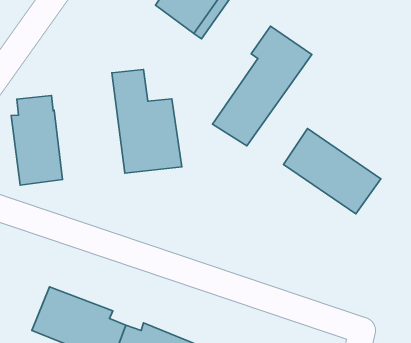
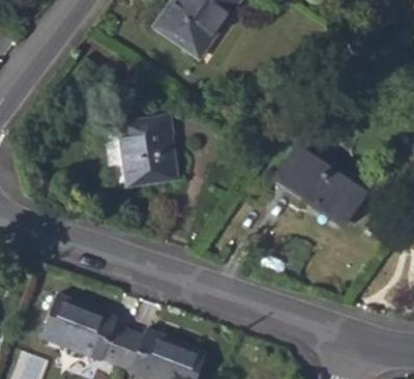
building: [213,26,312,146] -> none
building: [11,96,62,185] -> none

